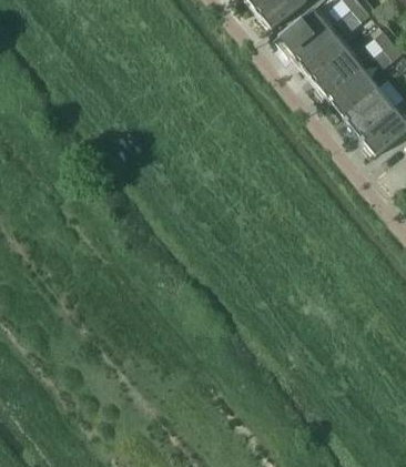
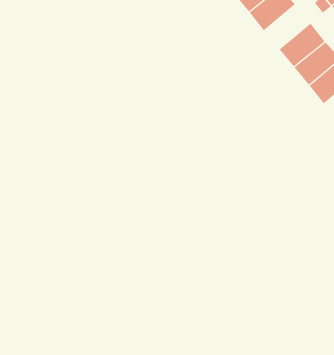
building: [312,48,363,97] -> none

